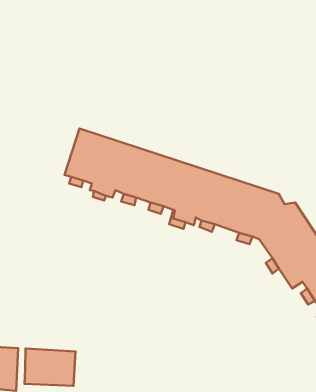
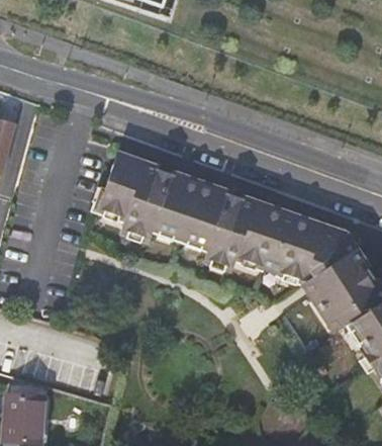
building: [25,348,75,386] -> none

